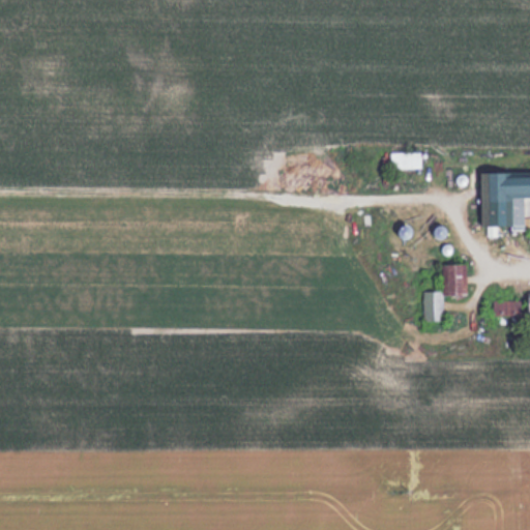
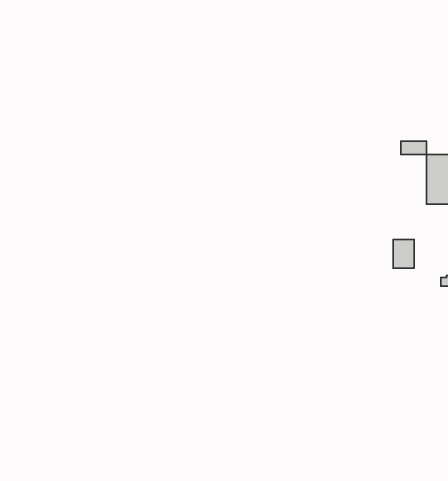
building: [392,154,420,169] -> [401,141,427,154]
building: [425,292,444,322] -> none

